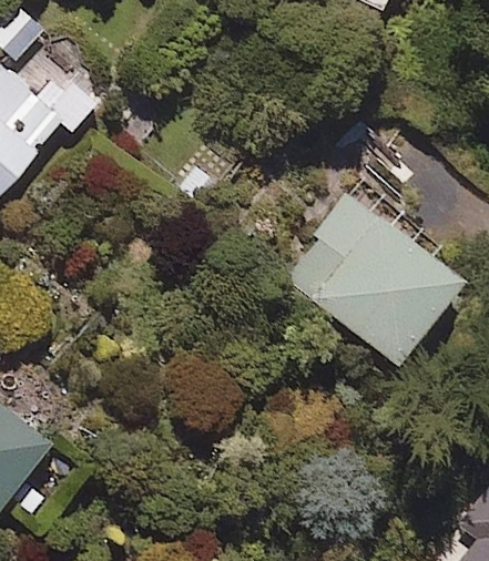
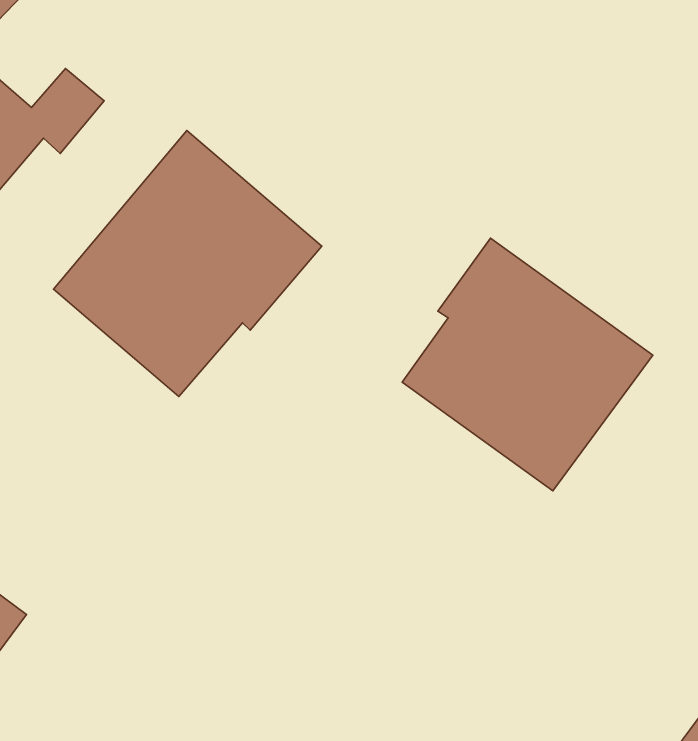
building: none -> [54,130,322,396]

